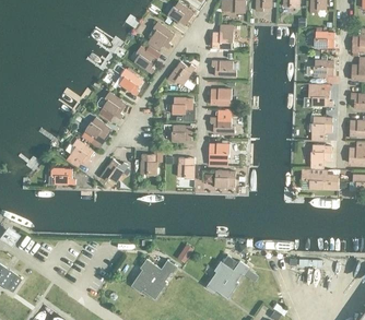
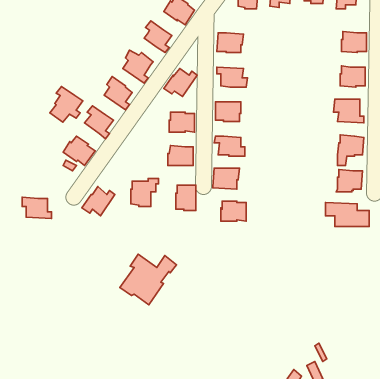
building: [66,139,93,168] -> [50,86,83,122]
building: [130,258,177,299] -> [120,254,177,305]
building: [205,260,248,298] -> none

